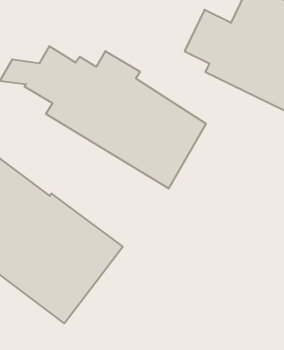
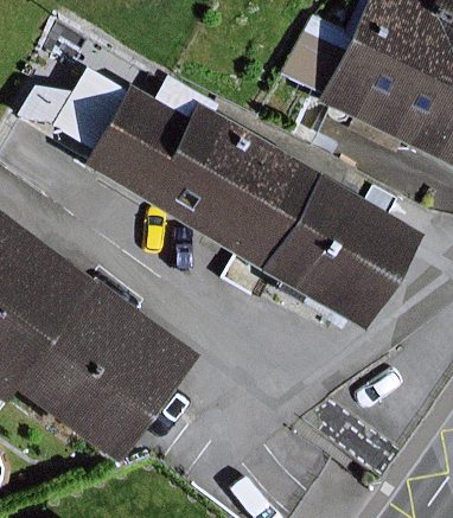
building: none -> [269,180,420,328]

